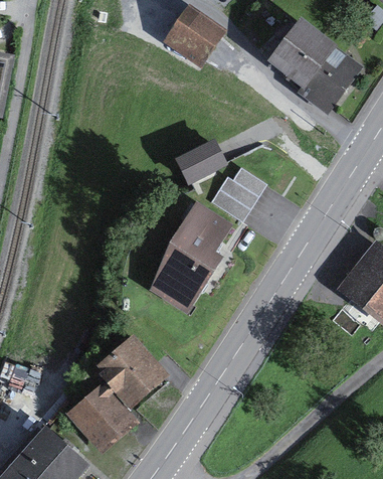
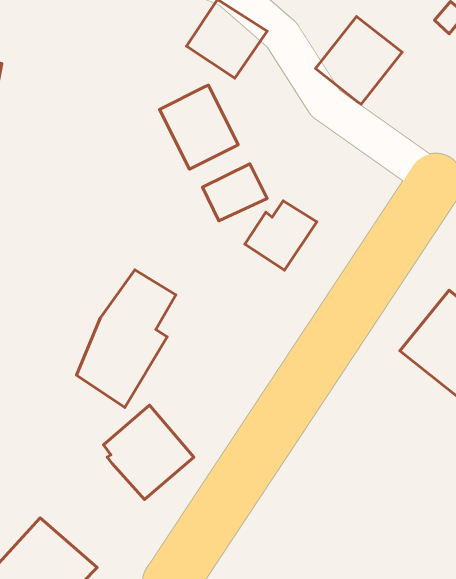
building: [297,46,365,116] -> none
building: none -> [160,85,238,169]
building: [150,203,230,315] -> [77,270,176,407]
building: [65,380,139,455] -> none

